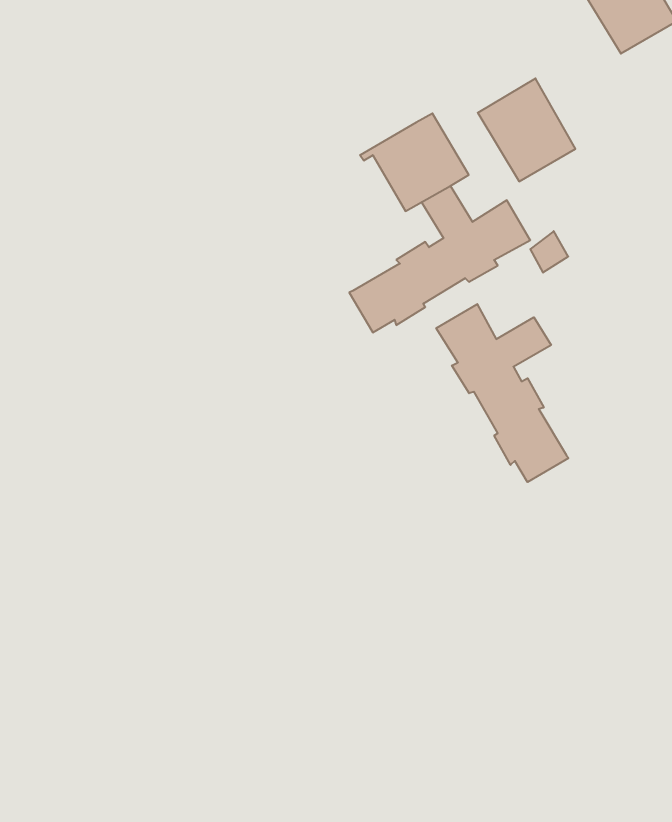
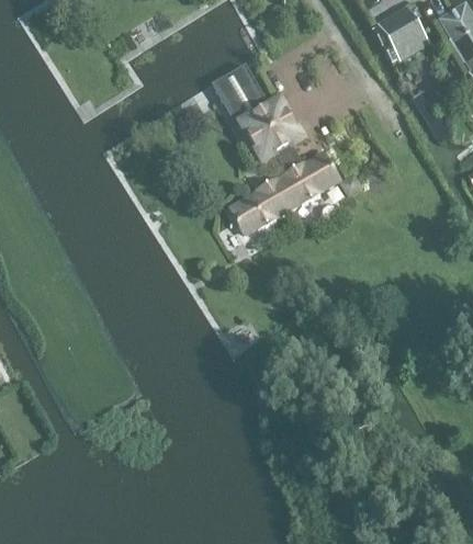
building: [478,78,575,181] -> [211,61,270,124]
building: [436,304,568,482] -> none

